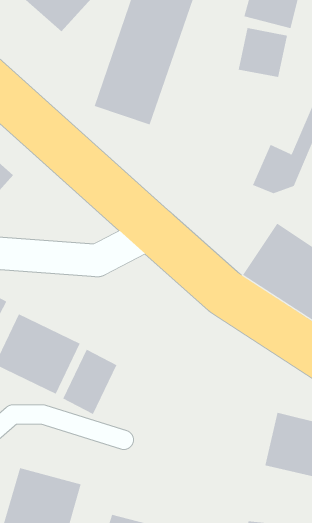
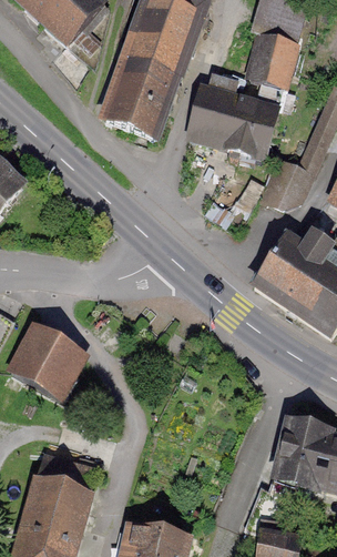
building: none -> [185,77,282,155]
building: [63,349,117,415] -> none

